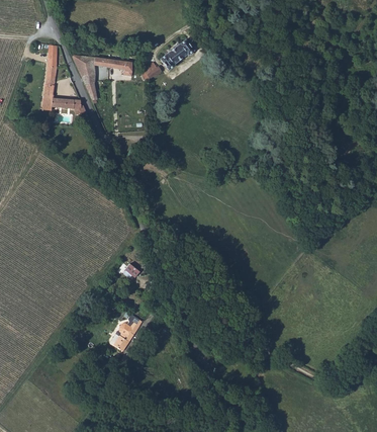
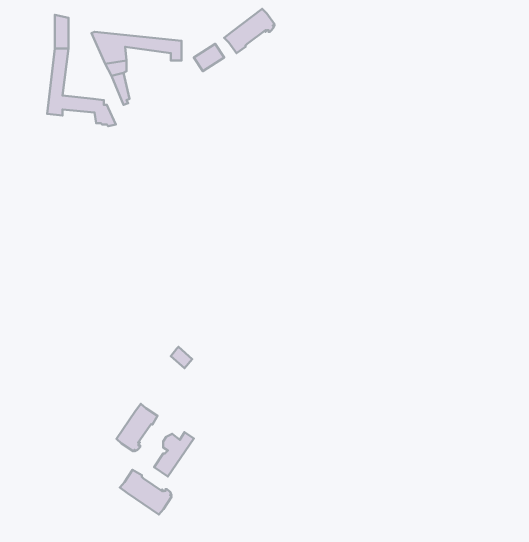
building: none -> [116,404,158,451]
building: none -> [120,470,172,514]

